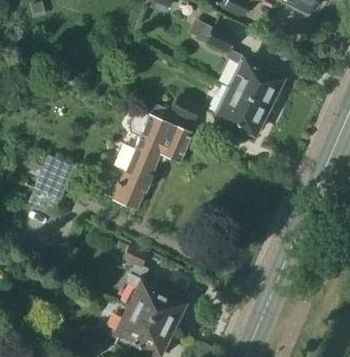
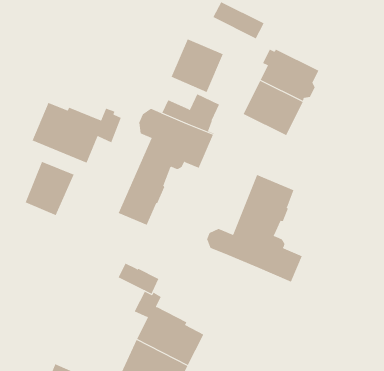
building: none -> [171,38,223,93]
building: none -> [32,102,122,163]
building: none -> [206,174,302,283]

